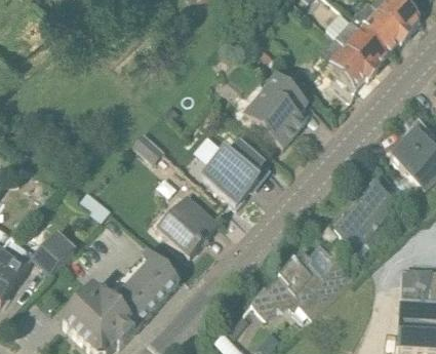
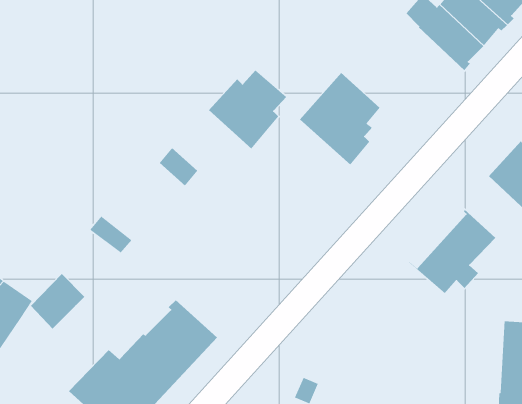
building: [320,37,372,87] -> none
building: [202,142,264,204] -> [208,69,287,149]
building: [157,193,220,255] -> none
building: [251,250,353,317] -> none

